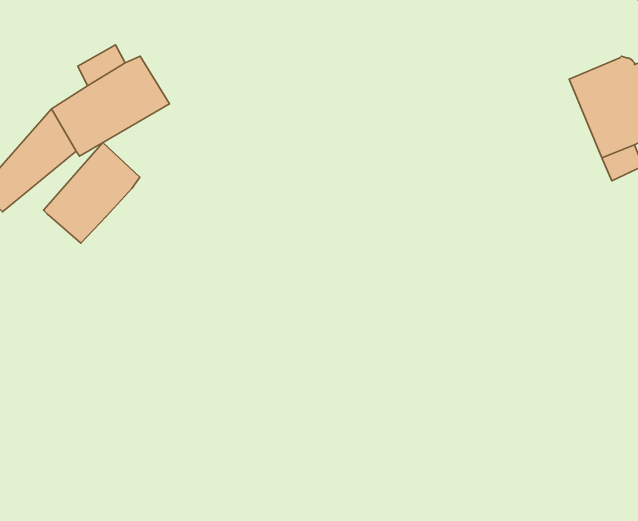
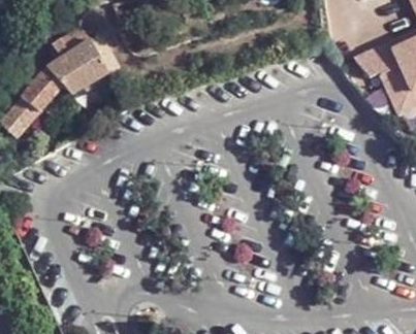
building: [43,143,140,243] -> none

